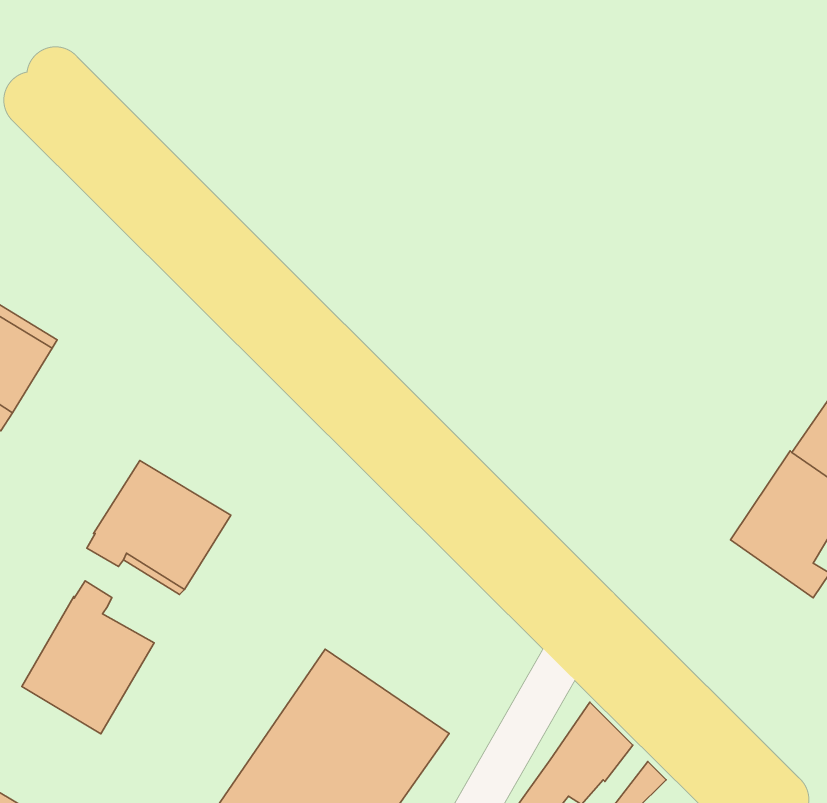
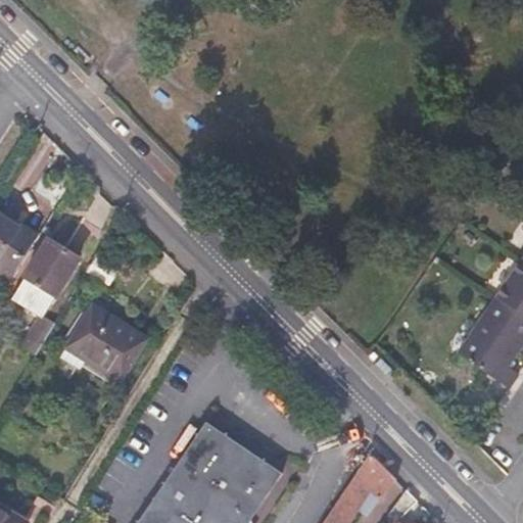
building: none -> [11,239,80,356]
building: [22,581,154,734] -> none

